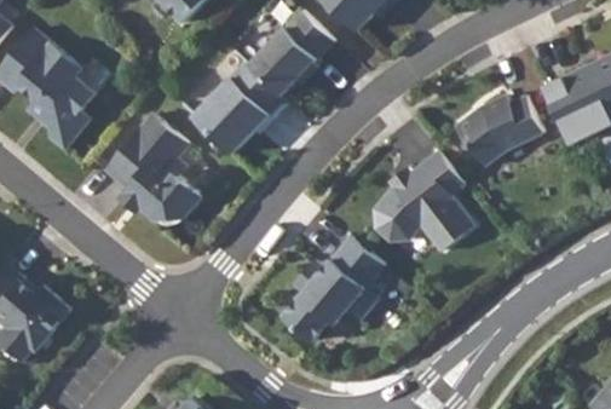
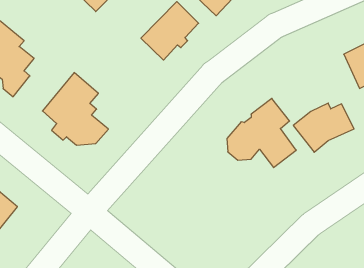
building: [195,63,288,154] -> none
building: [456,93,544,165] -> [293,103,354,152]
building: [283,236,385,340] -> none

